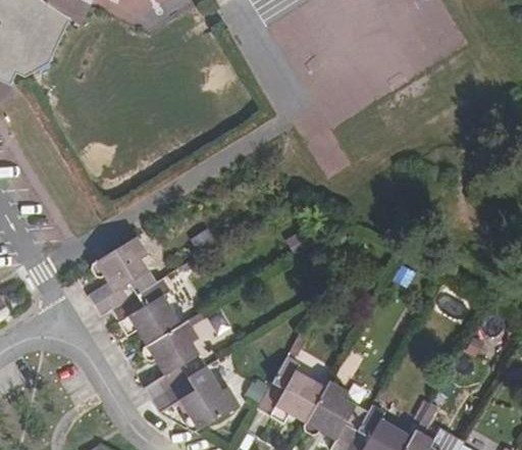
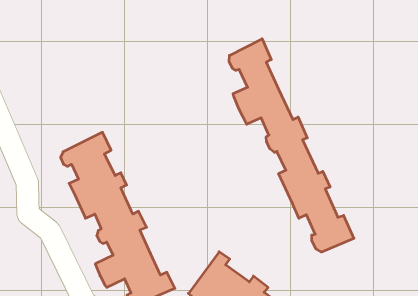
building: none -> [229,39,354,252]

